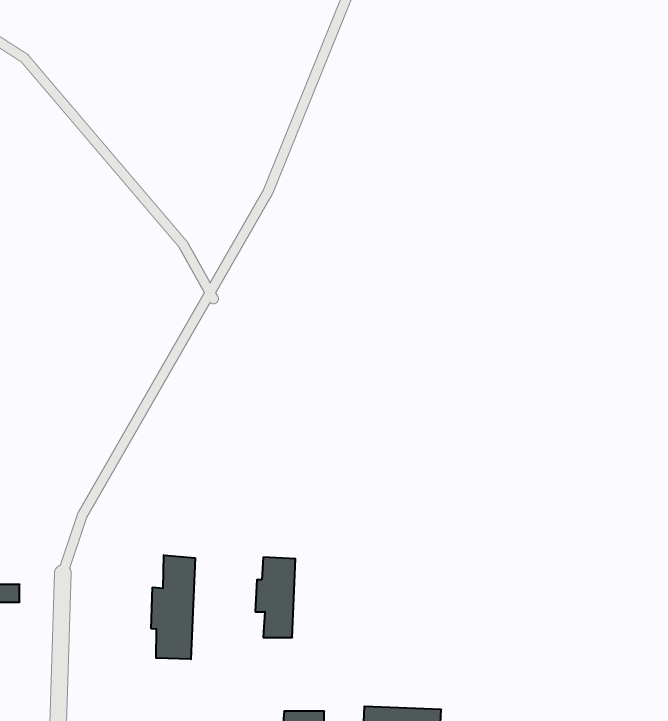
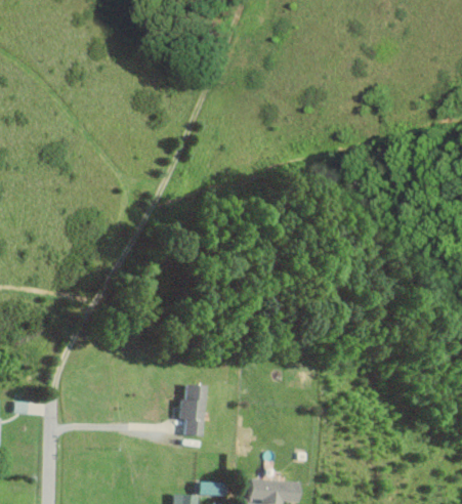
building: [151,555,195,659] -> none

